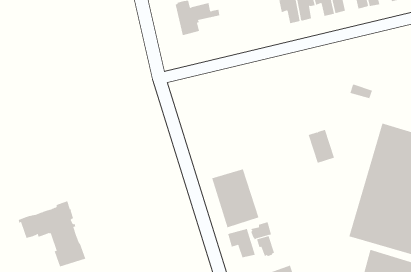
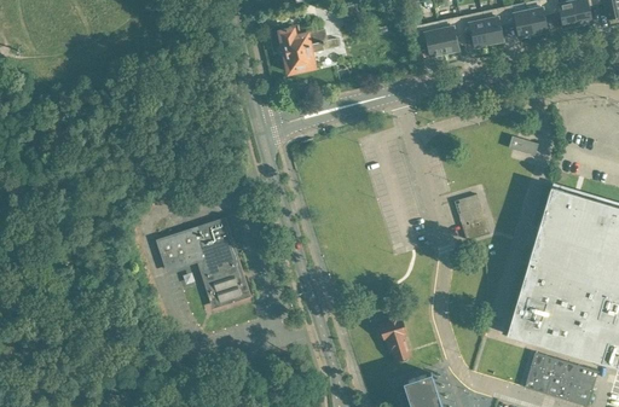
building: [211,169,259,228] -> none
building: [18,201,86,267] -> [158,217,248,304]
building: [228,228,255,258] -> none

